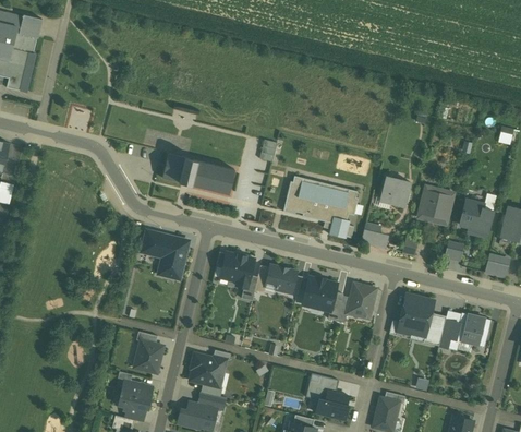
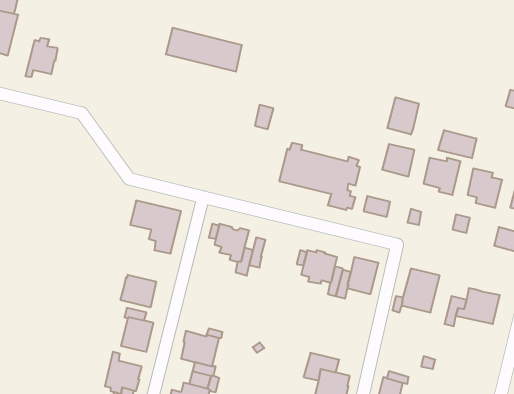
building: none -> [26,38,58,77]
building: none -> [387,97,419,135]
building: [162,153,234,194] -> [166,28,242,72]
building: none -> [438,130,476,158]
building: [265,264,296,292] -> none
building: none -> [121,275,156,307]
building: [423,312,446,347] -> none

